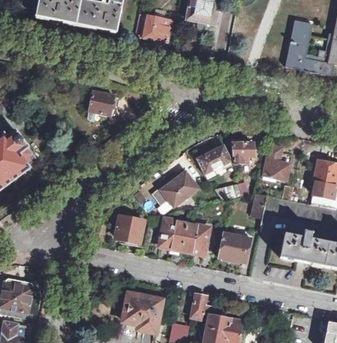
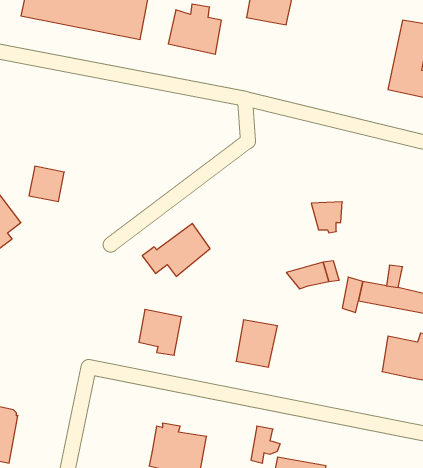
building: [90,91,114,115] -> [29,166,64,202]
building: [264,143,292,180] -> none
building: [196,145,231,174] -> none
building: [151,171,197,207] -> [142,223,210,276]
building: [159,218,186,250] -> none
building: [218,232,251,263] -> none

